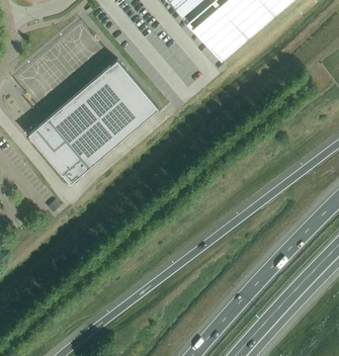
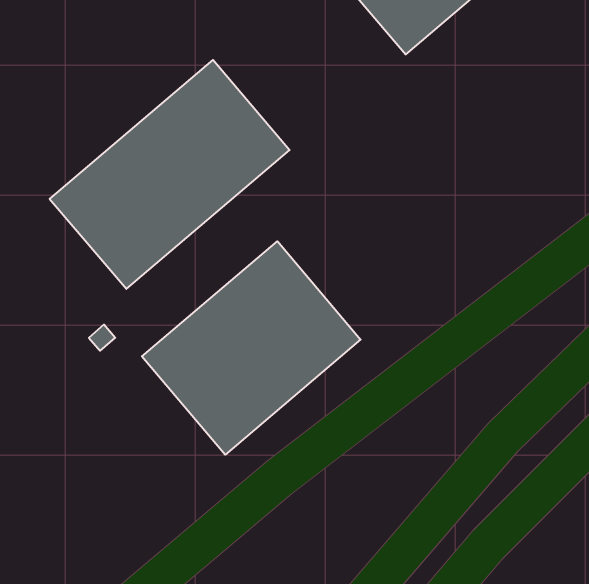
building: none -> [142,241,361,455]

